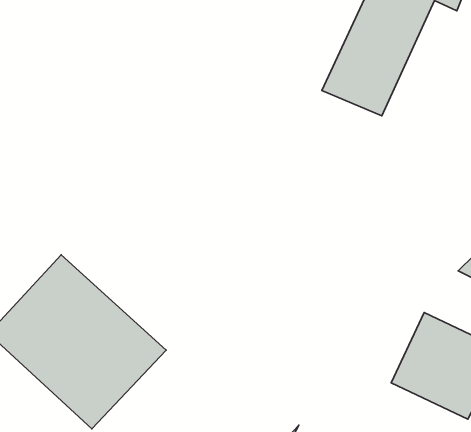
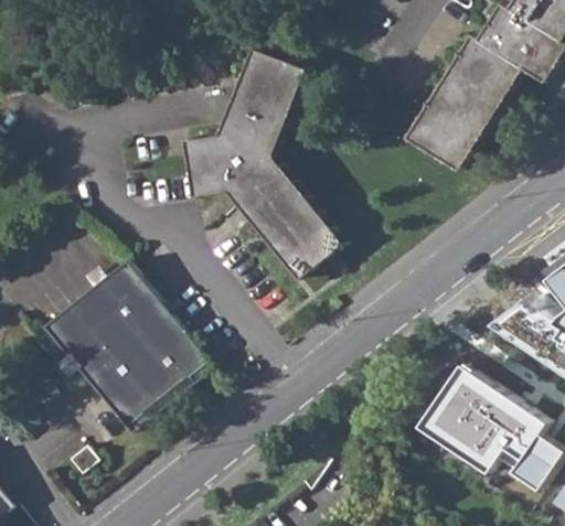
building: none -> [183,46,343,279]

